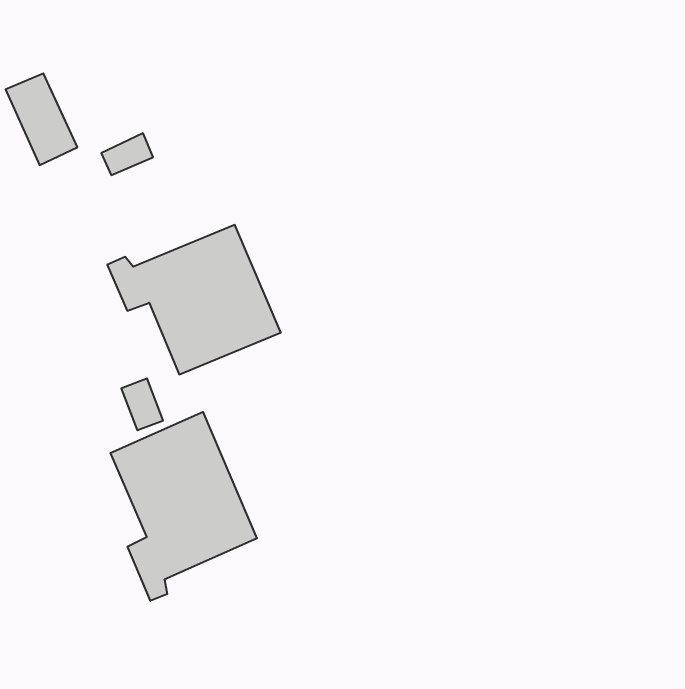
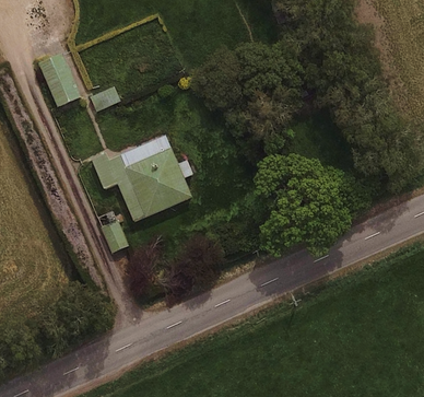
building: [110,412,257,601] -> none

